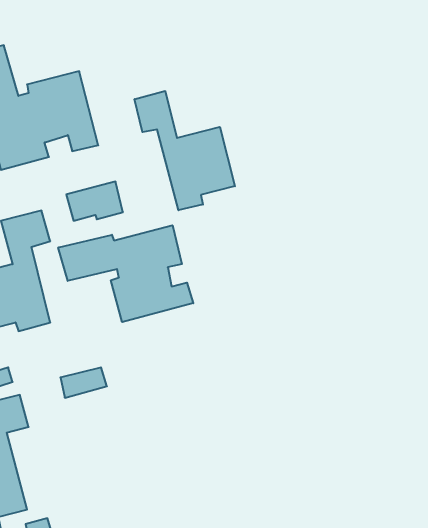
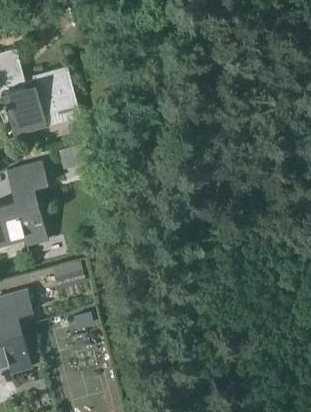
building: [135,91,235,210] -> none
building: [58,225,193,322] -> none

